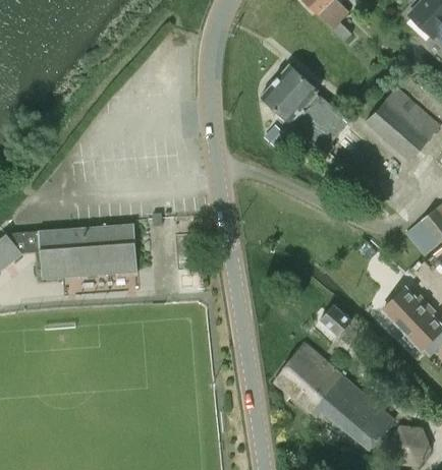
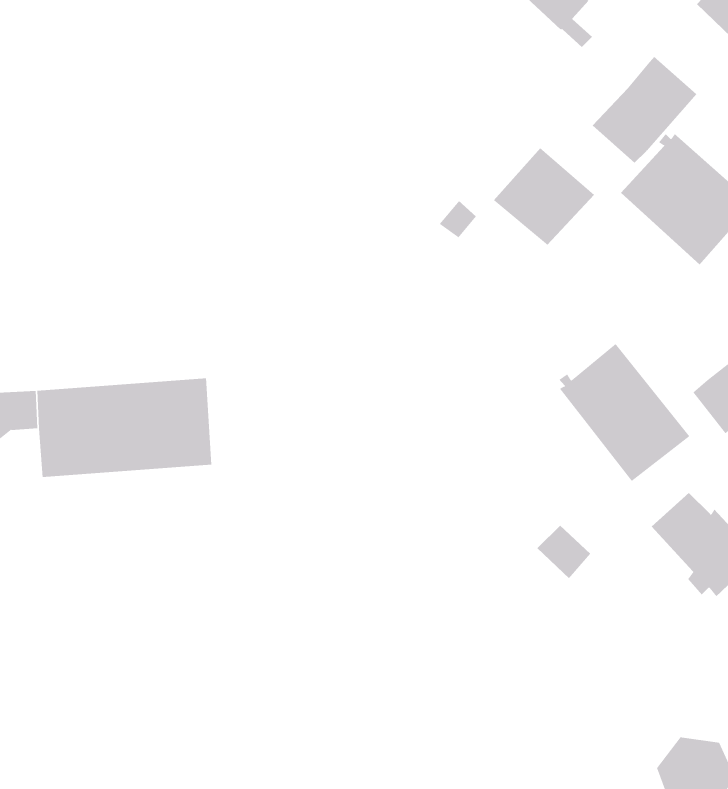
building: none -> [592,56,697,164]
building: [261,64,319,123] -> none
building: none -> [559,343,690,482]
building: [274,344,394,450] -> none

